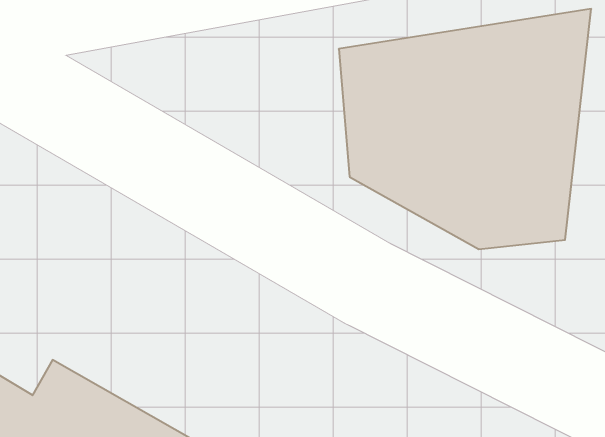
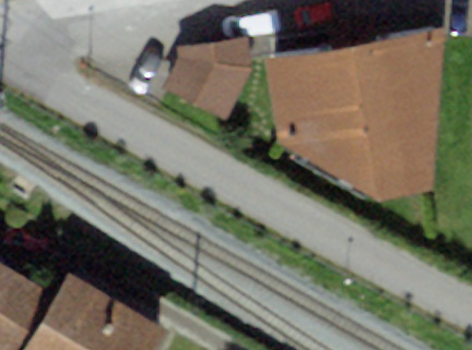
building: none -> [166,41,253,125]

